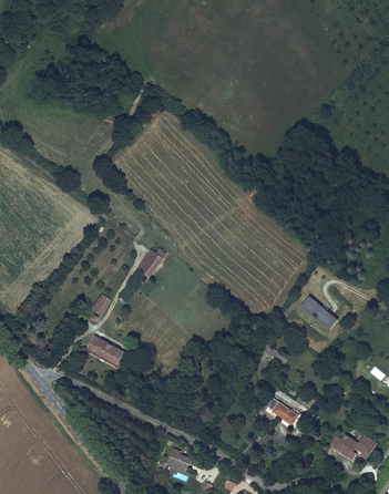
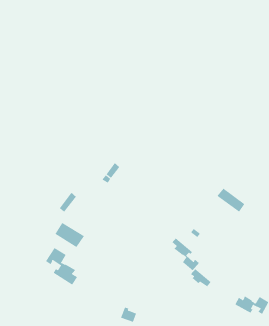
building: none -> [172,238,200,271]
building: none -> [45,247,78,285]

